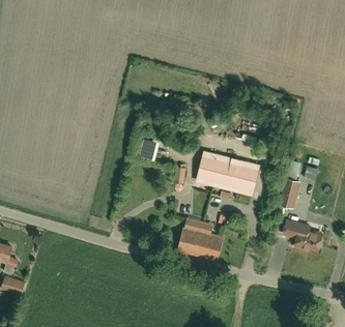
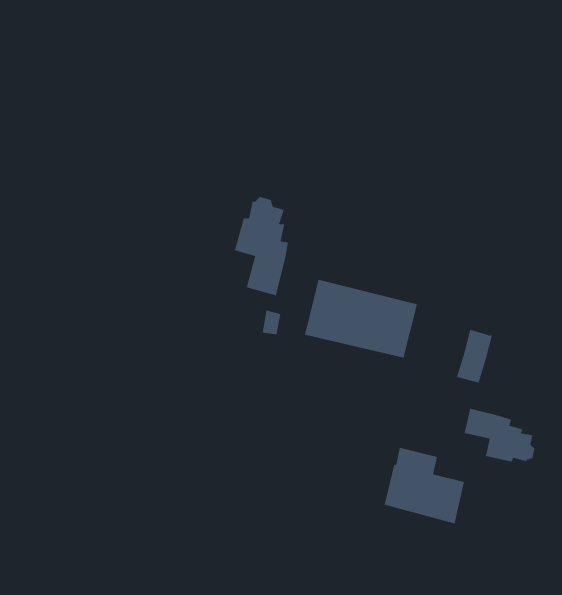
building: none -> [234,196,288,296]
building: [178,218,222,260] -> [384,447,465,524]

